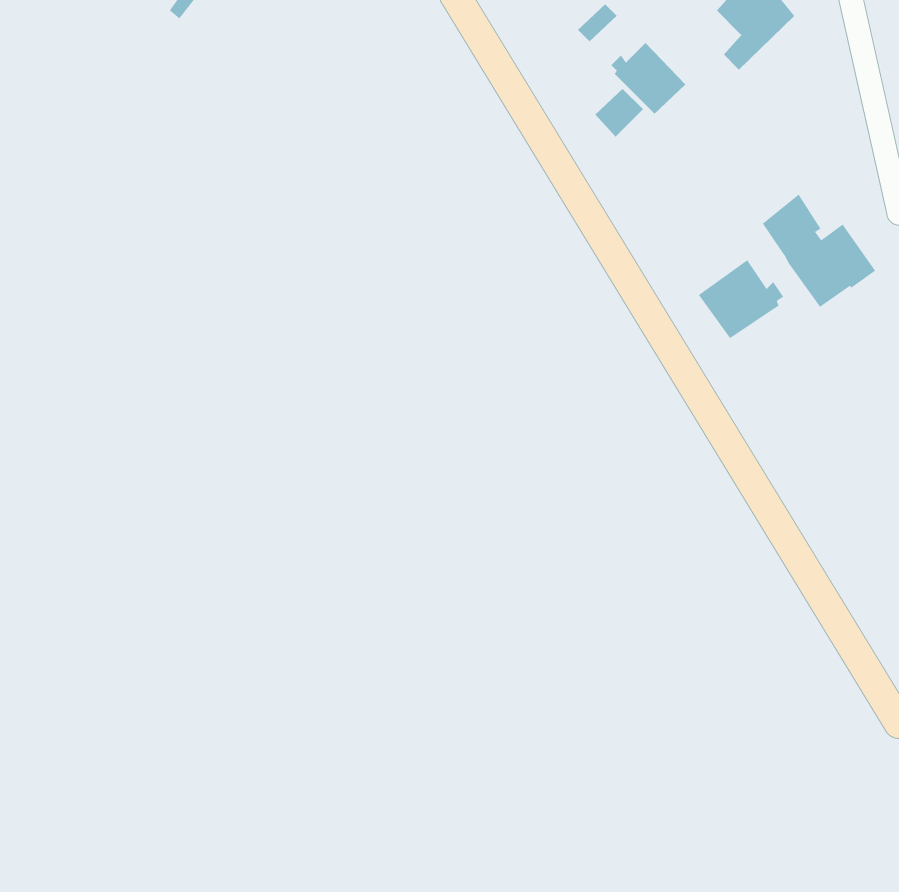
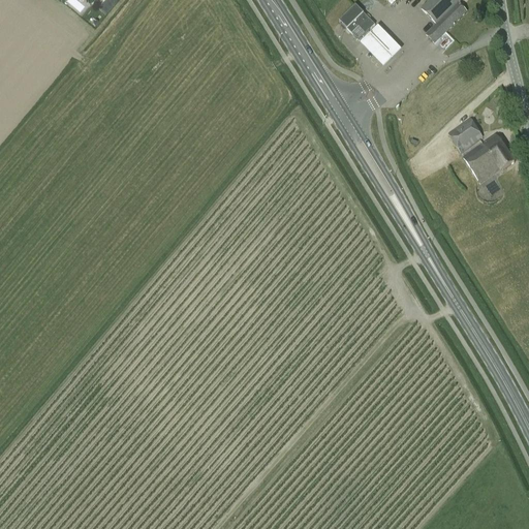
building: [594,88,644,137] -> [346,9,375,38]
building: [698,259,784,339] -> none

